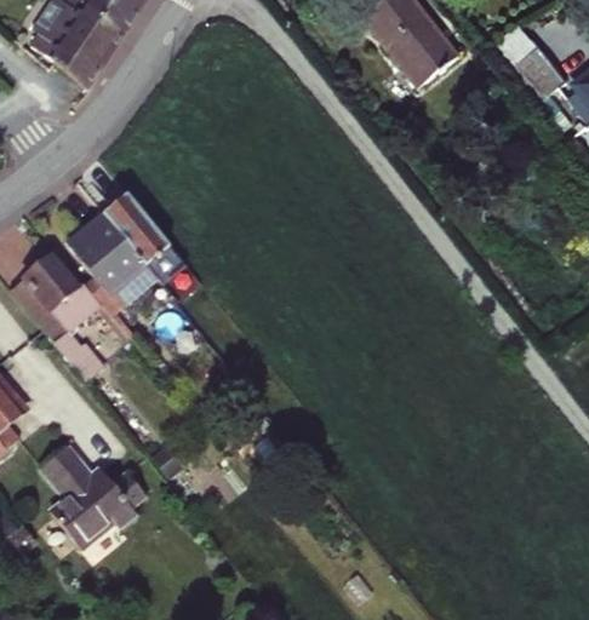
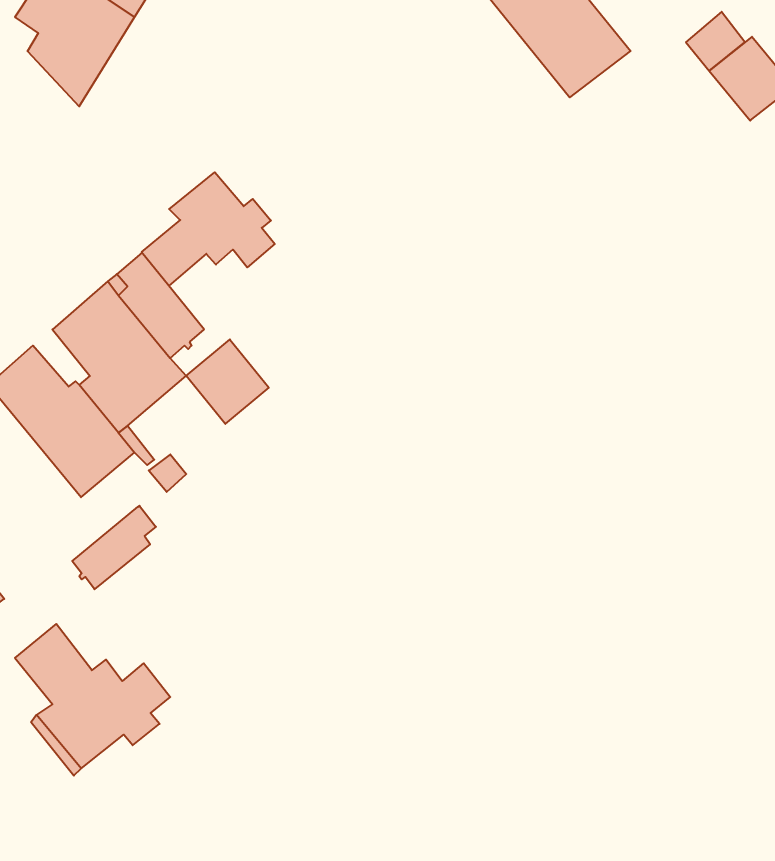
building: none -> [142,172,275,286]
building: none -> [186,339,269,424]
building: none -> [72,506,156,589]

